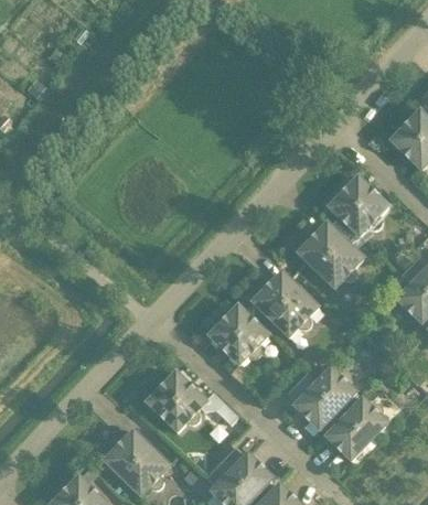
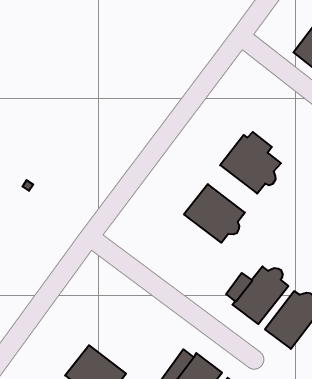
building: [327,176,386,236] -> none
building: [206,304,266,364] -> none
building: [145,372,237,431] -> none

